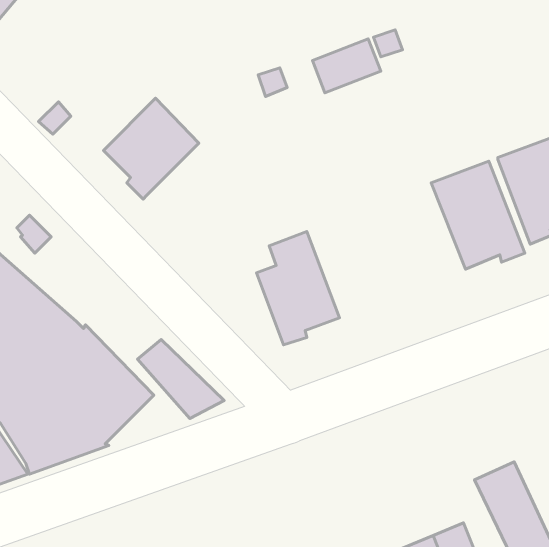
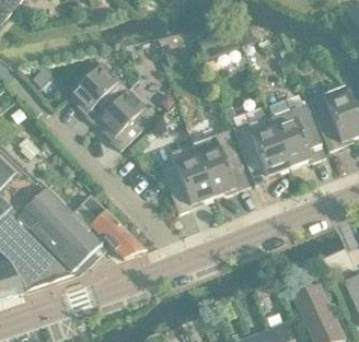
building: none -> [95,90,153,150]
building: none -> [233,114,289,184]
building: none -> [193,130,248,196]

